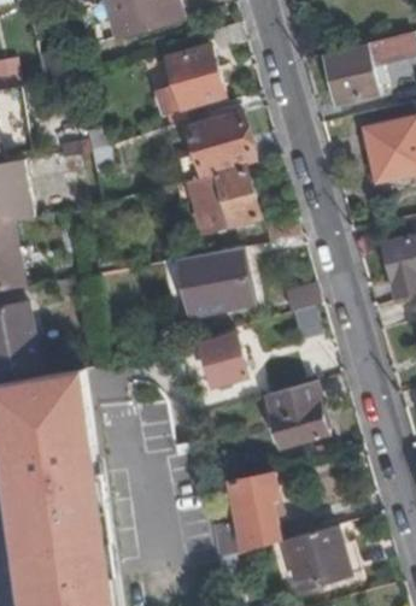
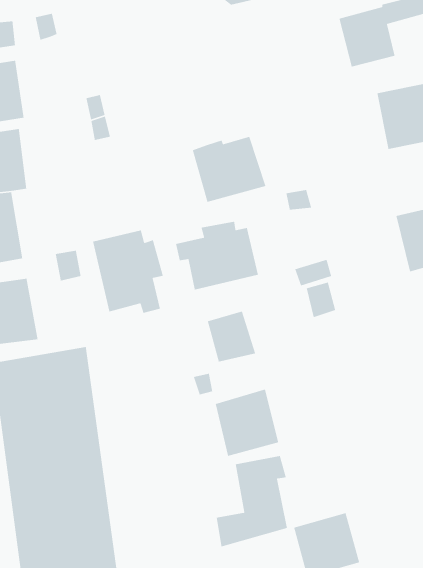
building: [158,46,223,124] -> none
building: [177,113,253,182] -> none
building: none -> [92,229,164,314]
building: [265,382,327,447] -> [215,388,279,457]

